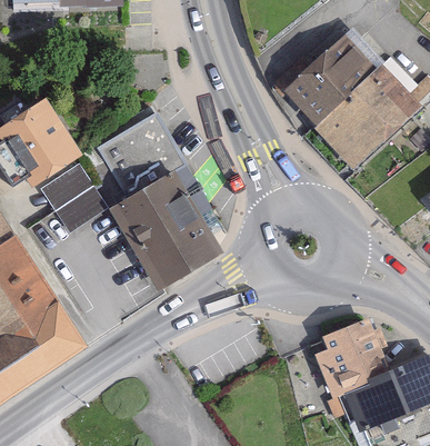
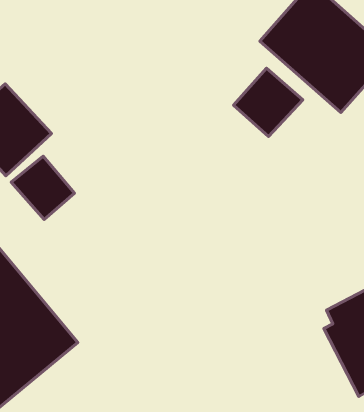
building: none -> [234,68,303,137]
building: [100,115,220,287] -> none

